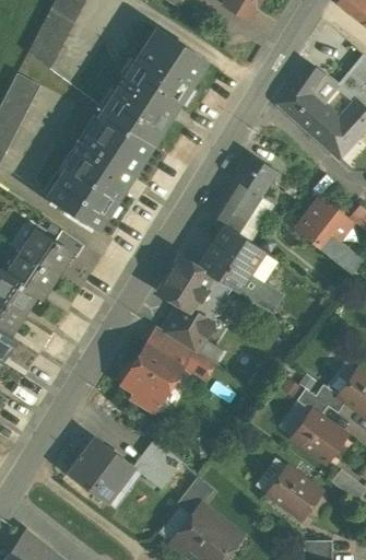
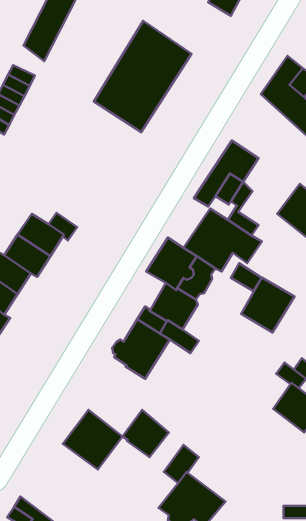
building: [48,112,153,230] -> none
building: none -> [241,277,294,332]
building: [268,467,321,518] -> none

